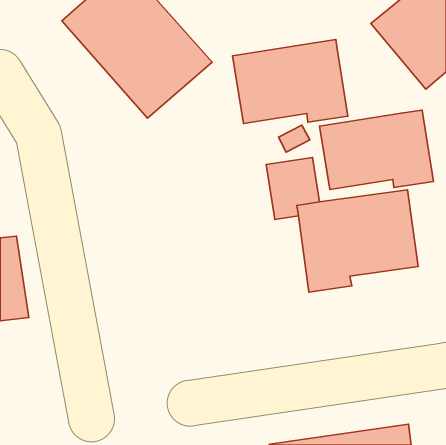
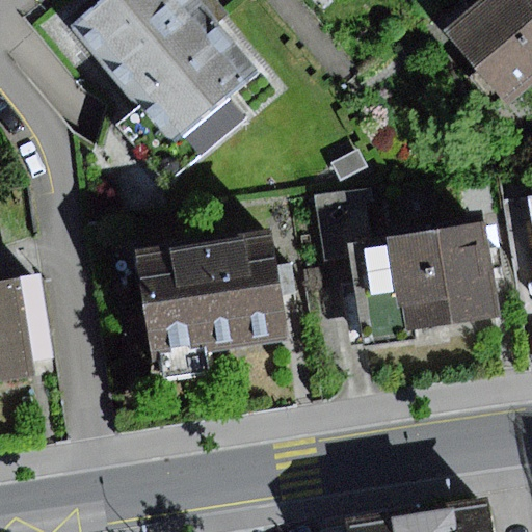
building: [232,40,348,124] -> none
building: [319,110,433,190] -> none
building: none -> [139,236,285,375]

